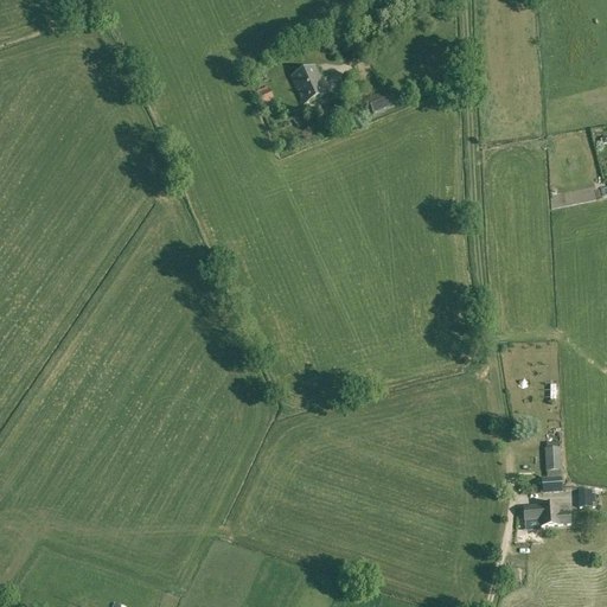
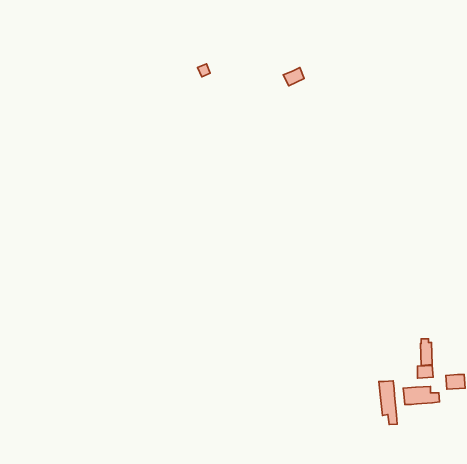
building: [290,63,327,102] -> none
building: none -> [379,381,397,425]

